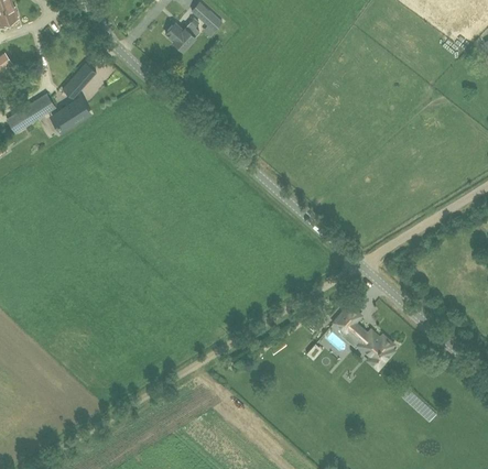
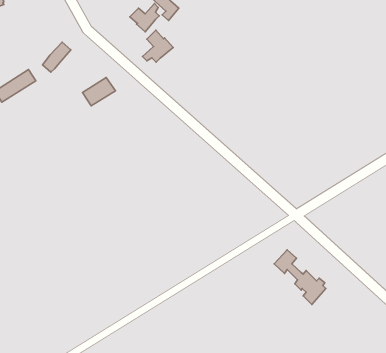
building: none -> [143,30,173,62]
building: [52,98,90,131] -> [83,78,116,106]

